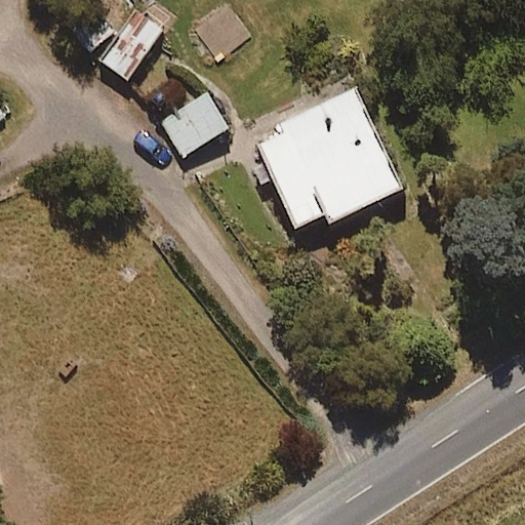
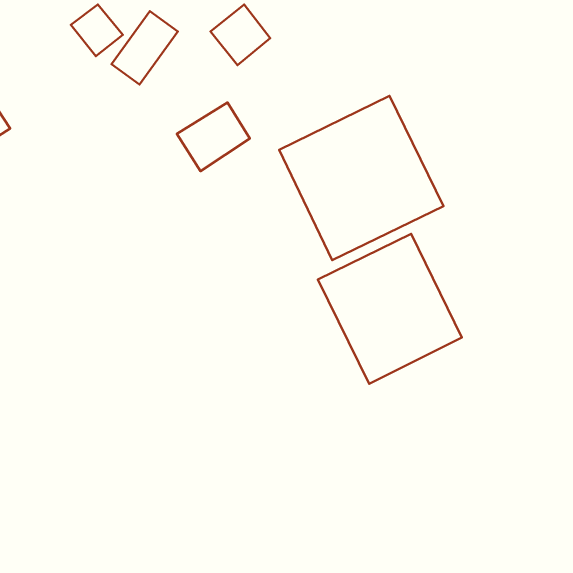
building: none -> [318,234,462,384]

